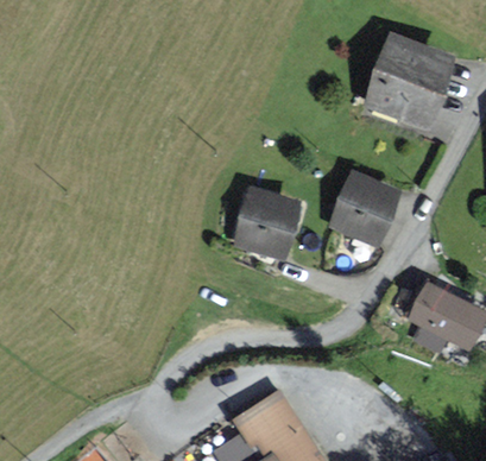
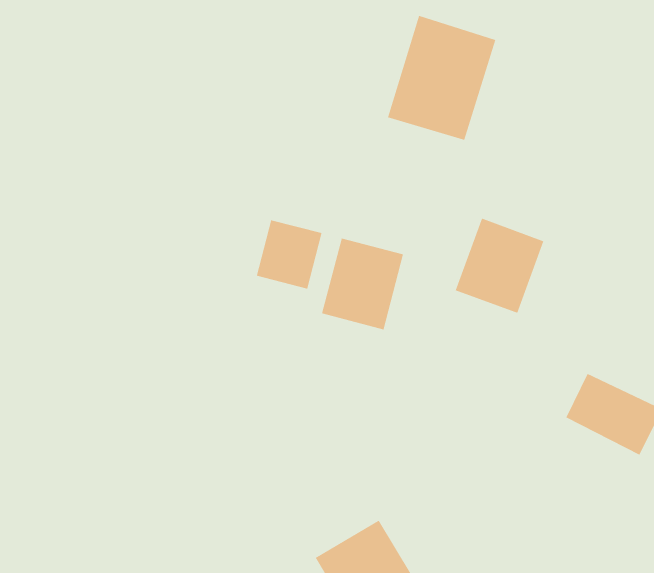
building: [373,38,452,128] -> [387,15,496,141]
building: none -> [256,219,322,289]

